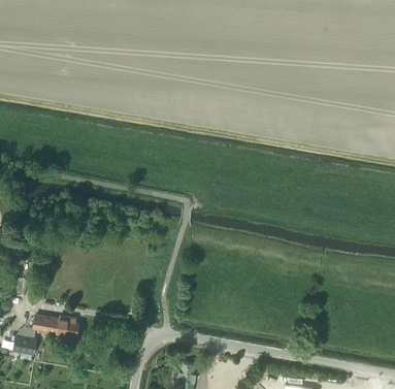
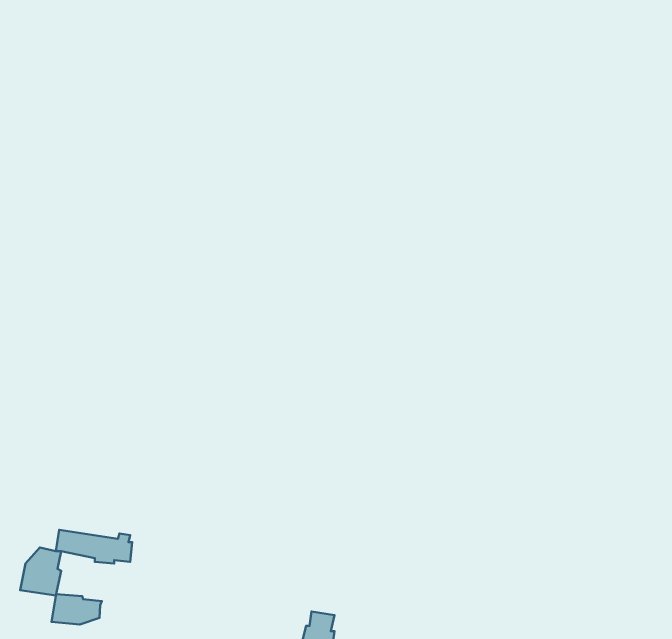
building: none -> [52,594,102,625]

